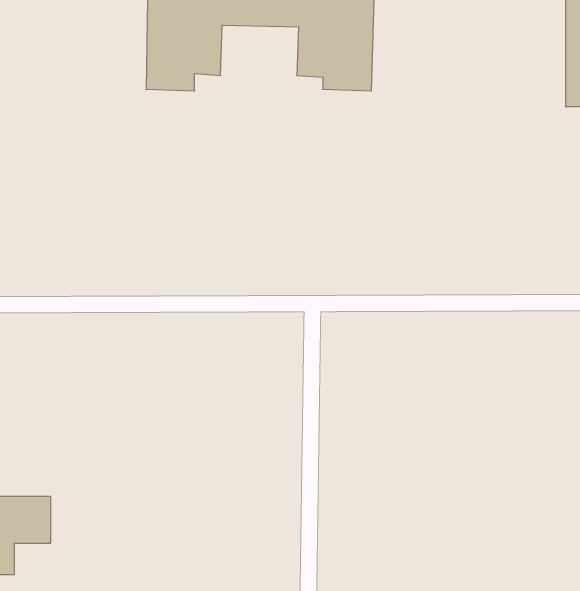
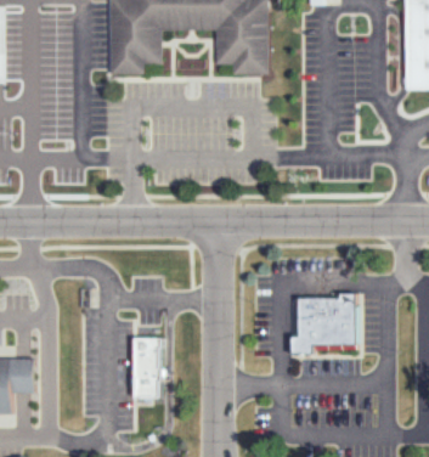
building: none -> [297,295,361,356]
building: none -> [131,338,157,399]

